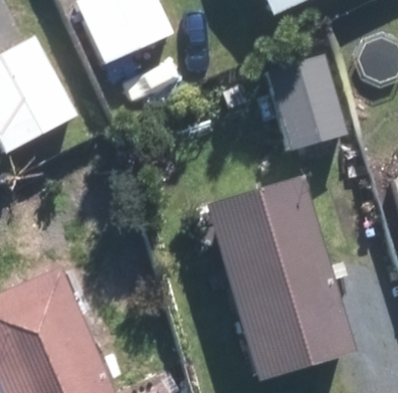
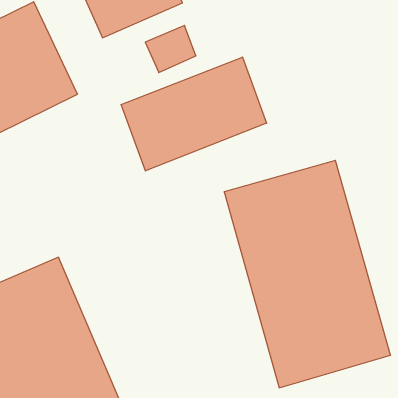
building: [243,48,350,150] -> none
building: none -> [121,57,267,171]

